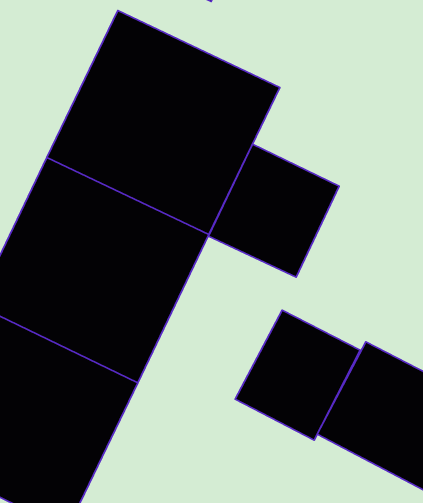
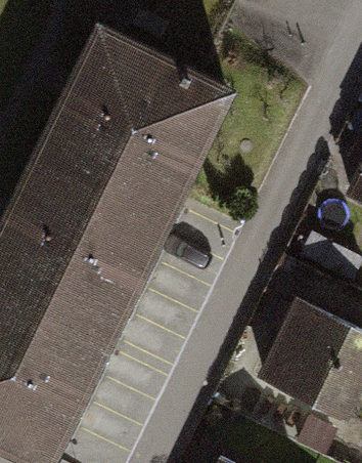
building: [209,144,339,277] -> none
building: [235,310,360,440] -> none

